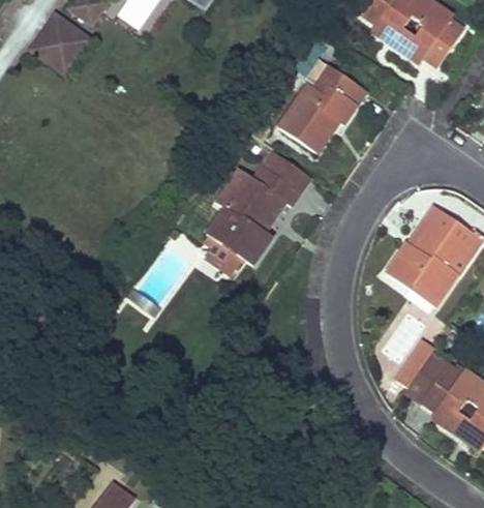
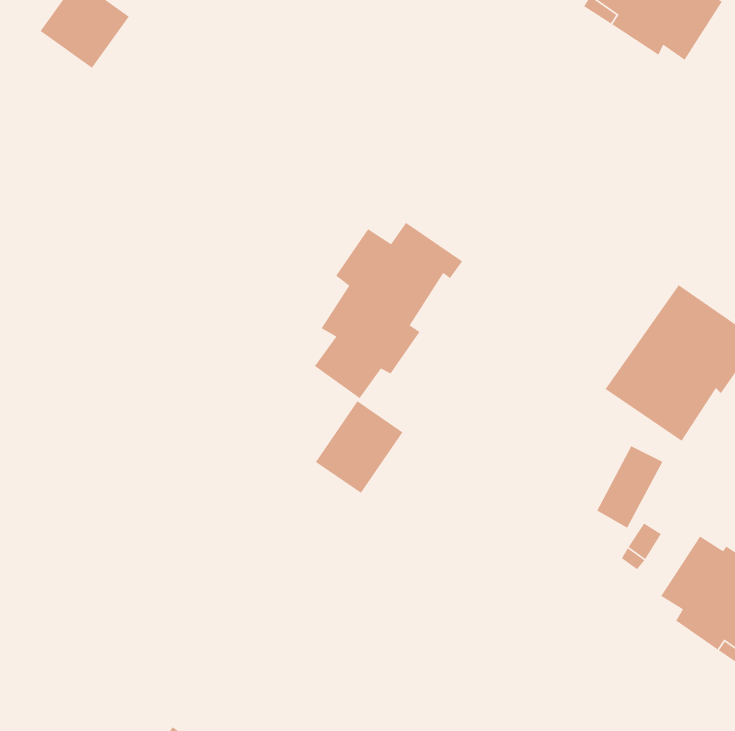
building: [278,59,364,151] -> none
building: [262,148,310,191] -> none
building: none -> [315,400,404,494]

